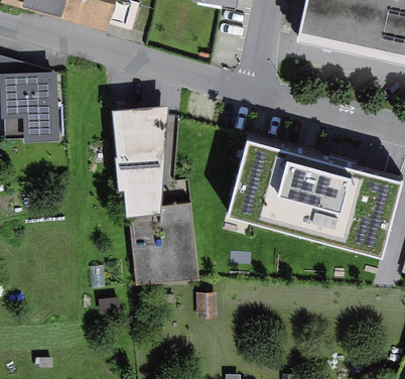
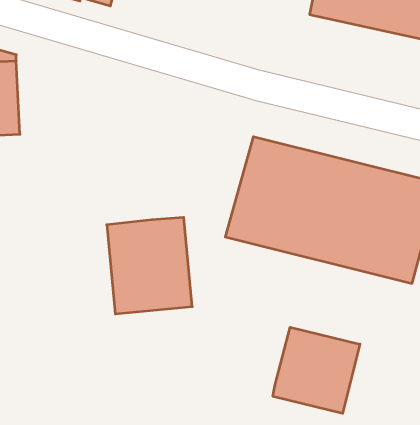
building: [113,103,171,209] -> none
building: none -> [273,327,360,413]

